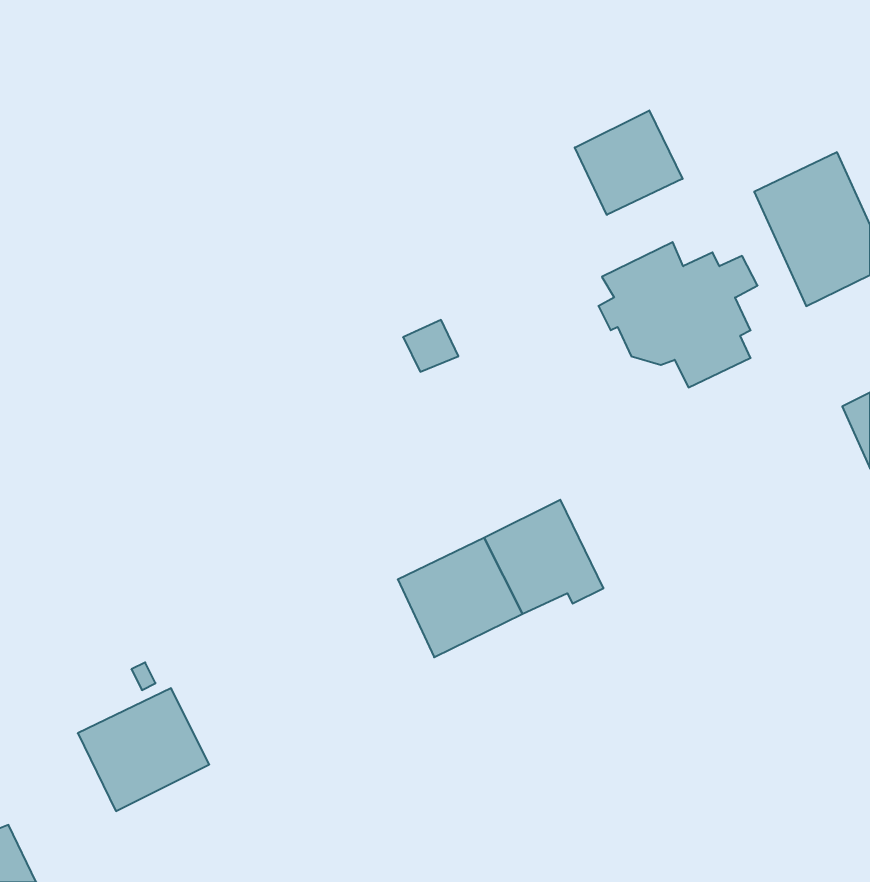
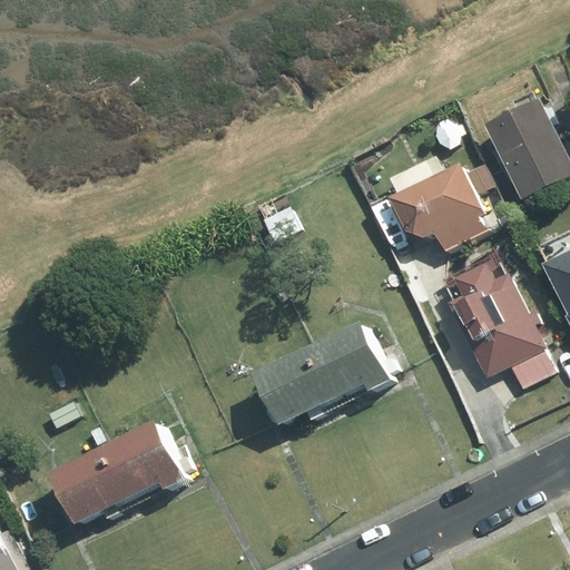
building: [575,110,683,215] -> none
building: none -> [449,264,550,387]
building: none -> [110,421,184,492]

